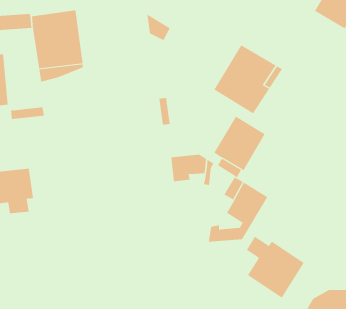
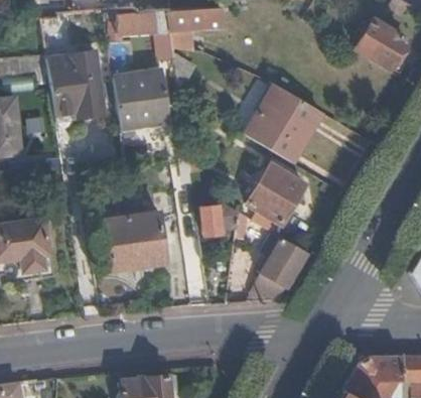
building: none -> [113,70,170,125]
building: none -> [104,200,166,269]
building: [246,236,305,299] -> none

